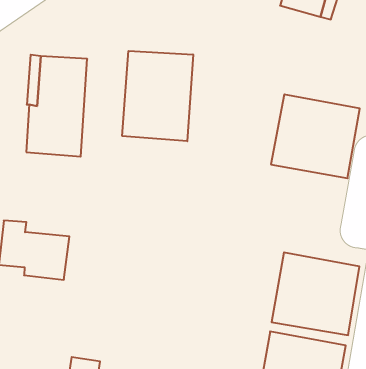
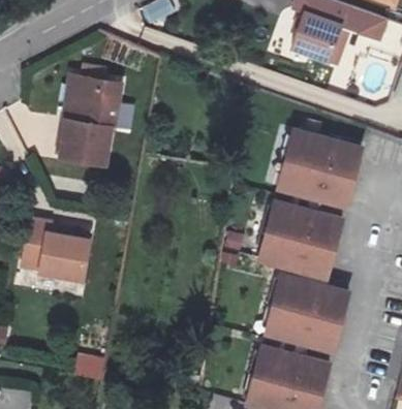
building: [122,51,193,141] -> none
building: none -> [259,199,344,278]

